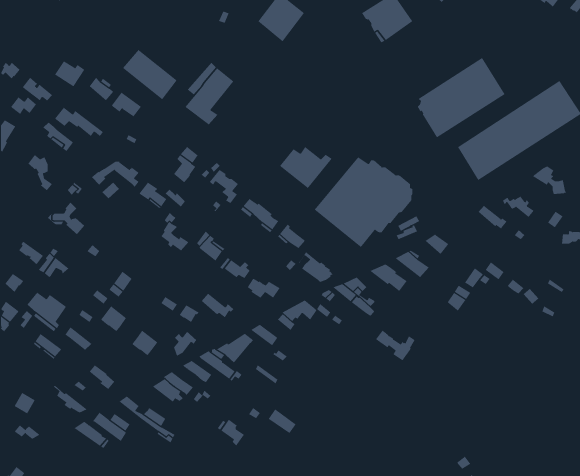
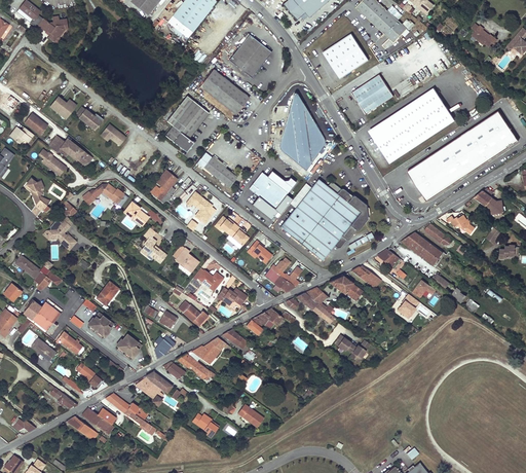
building: none -> [351,75,393,114]
building: [122,49,178,100] -> [199,70,249,115]
building: none -> [279,94,325,170]
building: none -> [203,157,237,188]
building: none -> [402,232,443,264]

